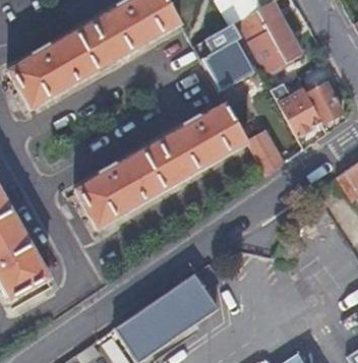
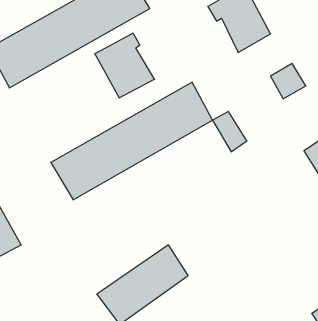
building: [191,29,253,97] -> [95,33,155,98]
building: [268,86,319,141] -> none

